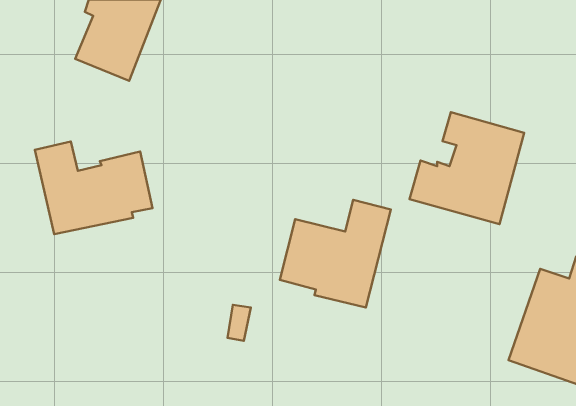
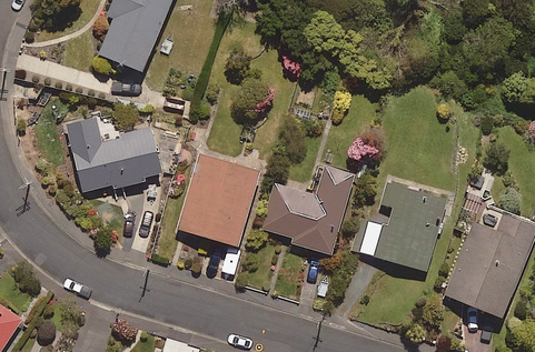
building: [409,112,524,224] -> [355,181,447,271]
building: none -> [178,152,259,244]

